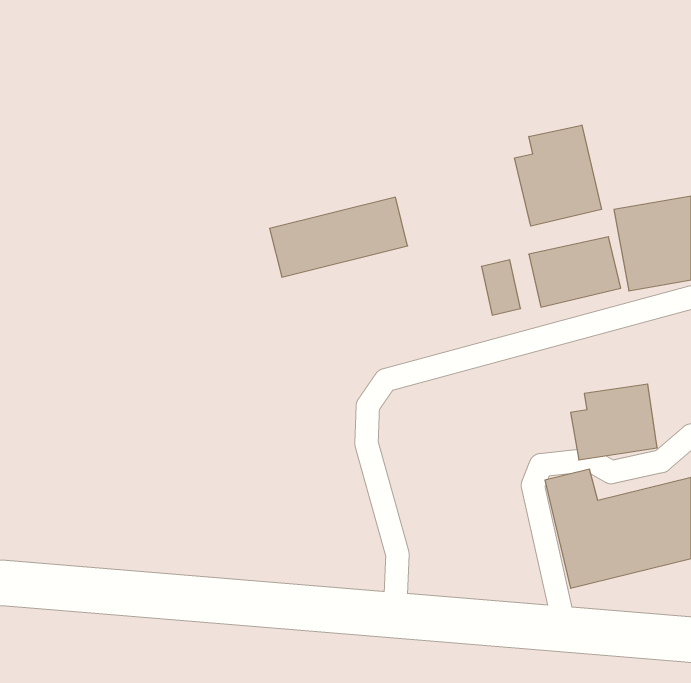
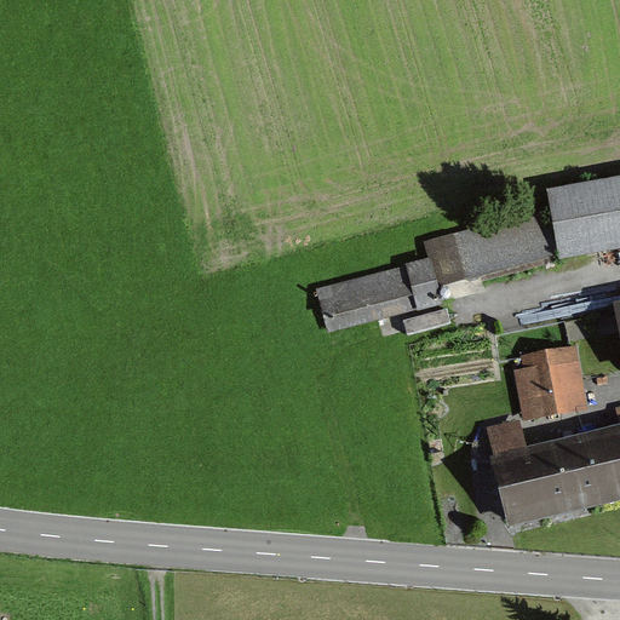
building: [515,125,601,226] -> none
building: [270,197,408,277] -> [318,257,442,328]

